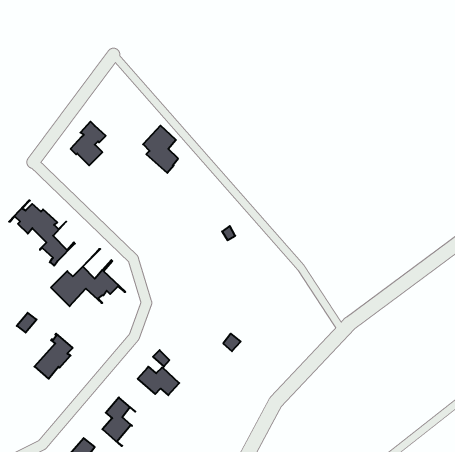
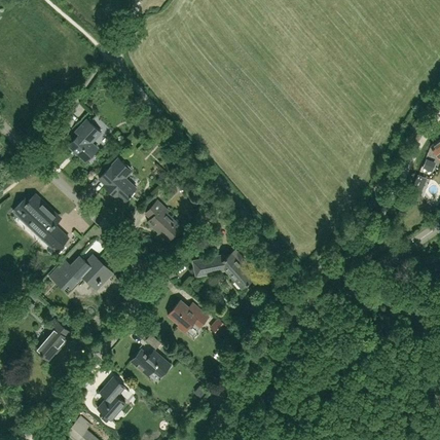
building: [143,126,178,173] -> [102,157,135,201]
building: none -> [145,200,181,241]
building: none -> [193,249,254,288]
building: none -> [168,300,209,332]

